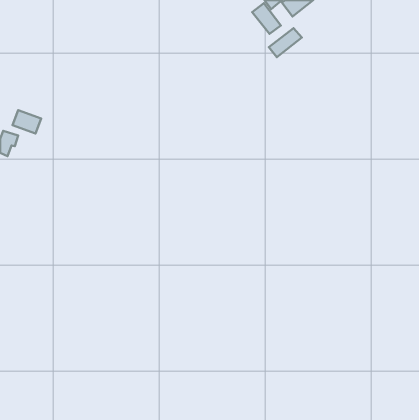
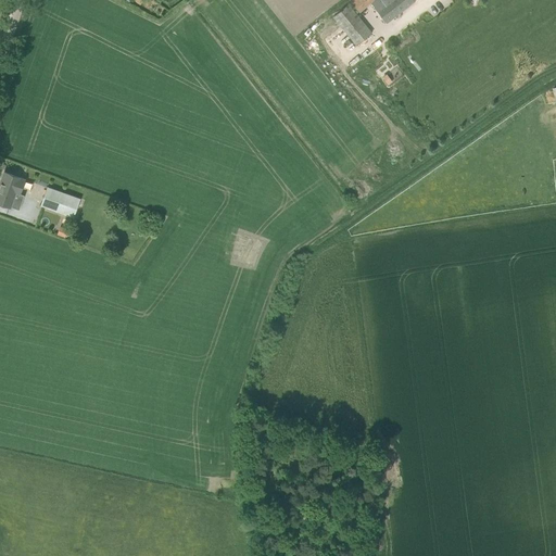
building: [269,28,302,57] -> none
building: [12,110,41,133] -> [41,187,79,217]

